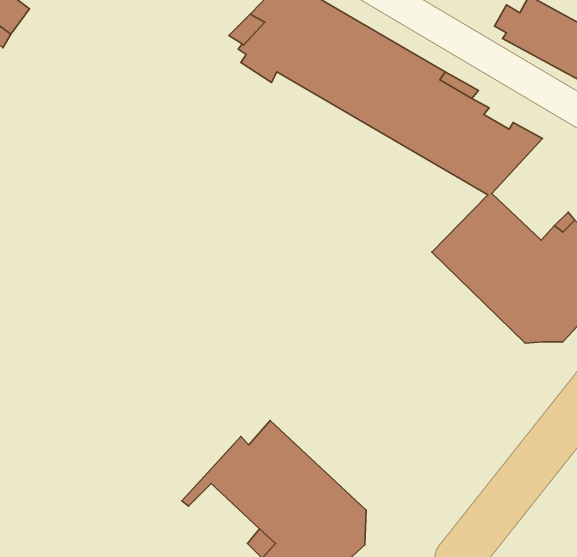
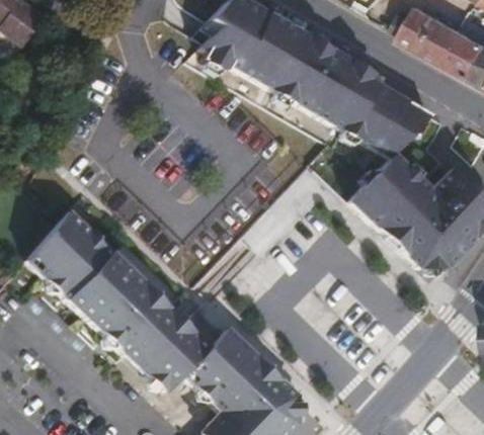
building: none -> [25,214,203,388]

